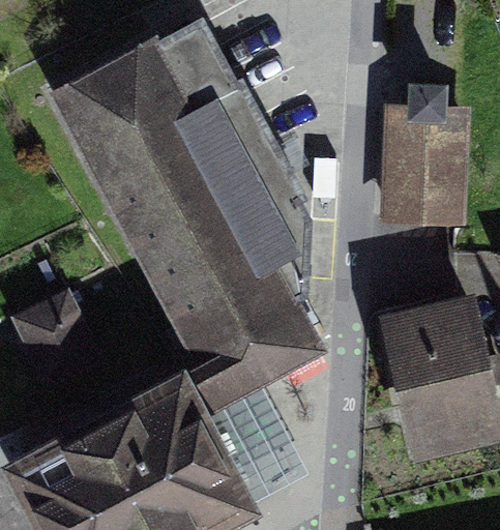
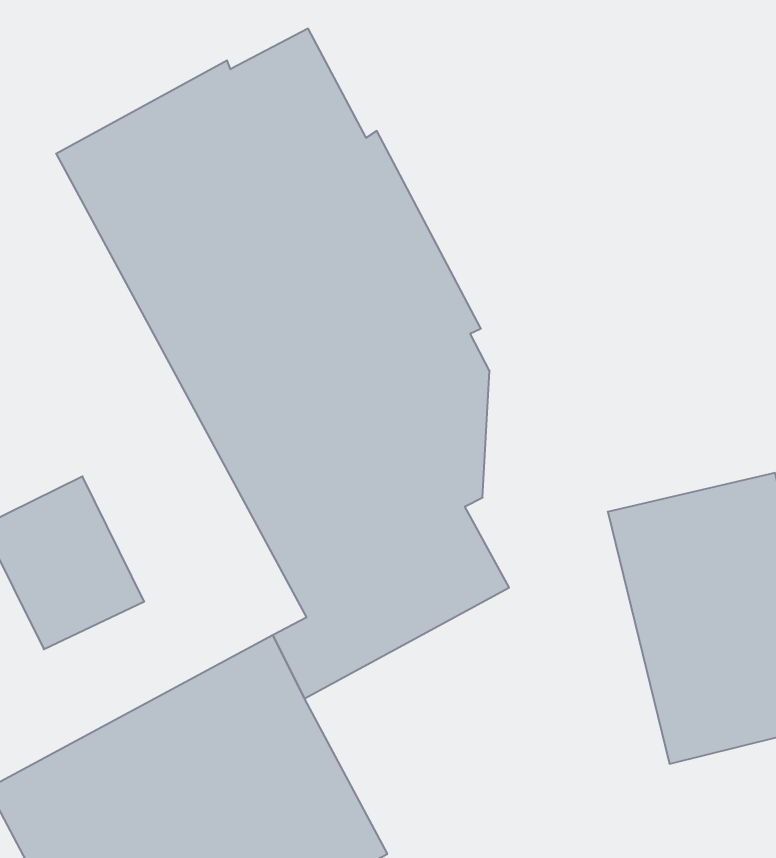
building: [380,77,469,228] -> none
building: [211,401,297,501] -> none

